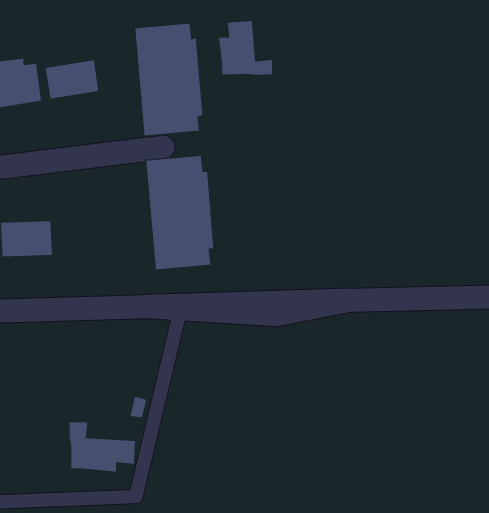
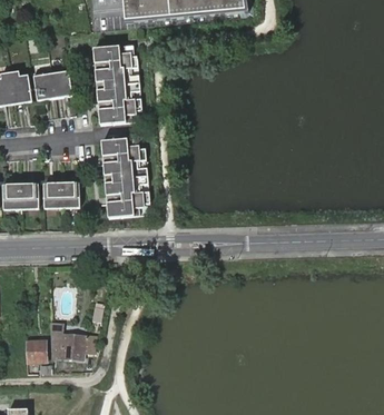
building: [218,20,273,75] -> none
building: none -> [43,182,79,209]
building: none -> [26,339,47,364]

